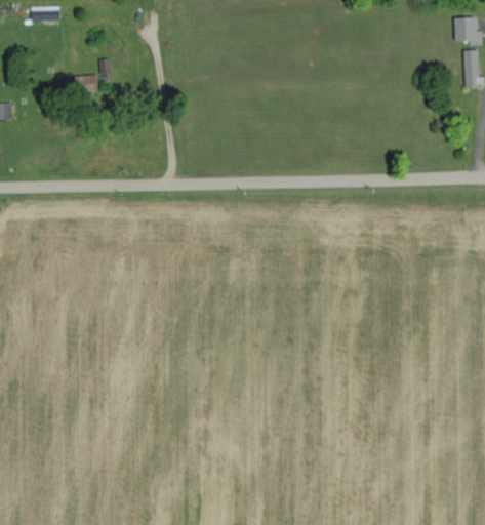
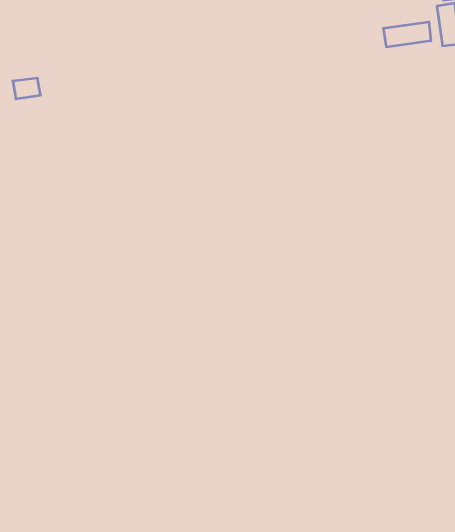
building: none -> [383,22,431,47]

